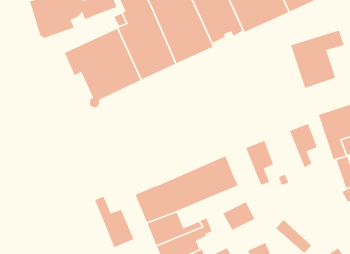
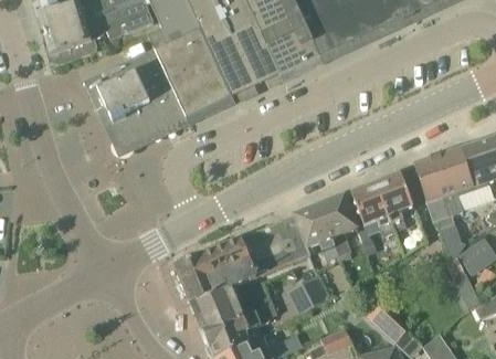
building: [290,29,345,89] -> none
building: none -> [351,183,395,236]
building: none -> [294,205,339,261]
building: [94,195,135,248] -> none

